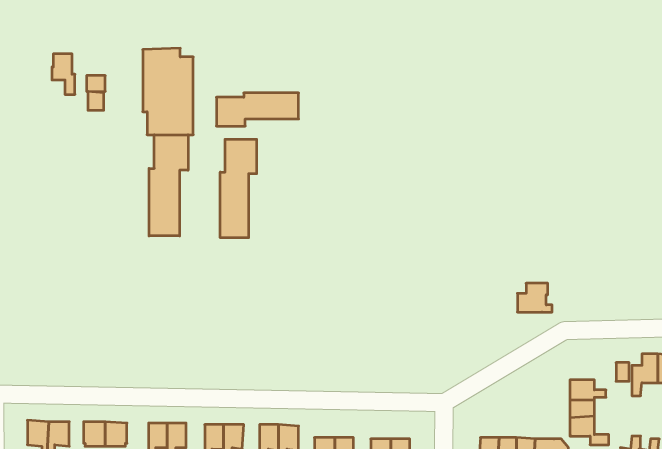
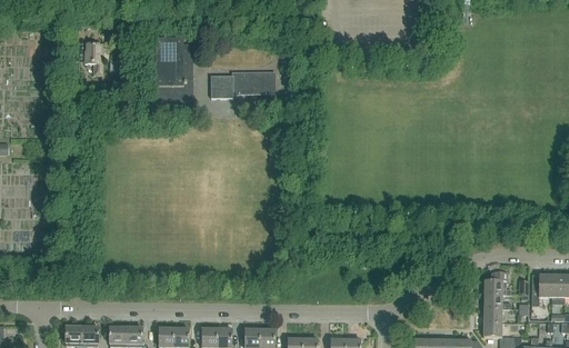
building: [149,135,188,236] -> none
building: [220,139,257,238] -> none
building: [517,283,552,312] -> [483,271,510,294]

